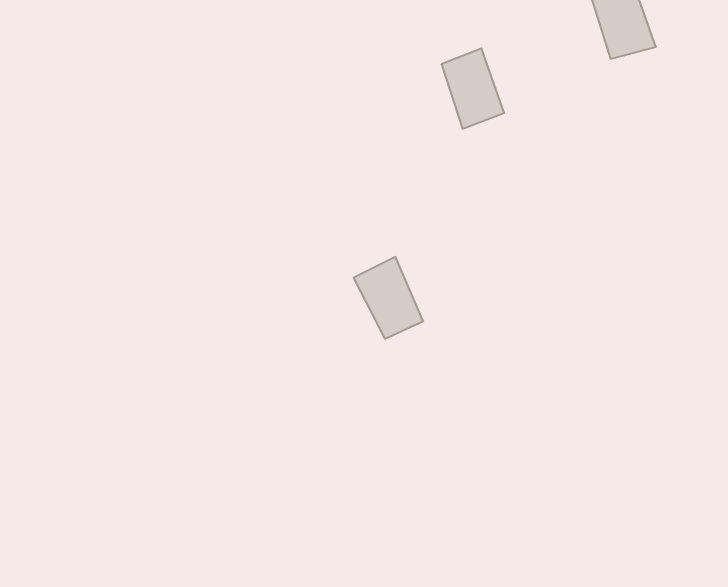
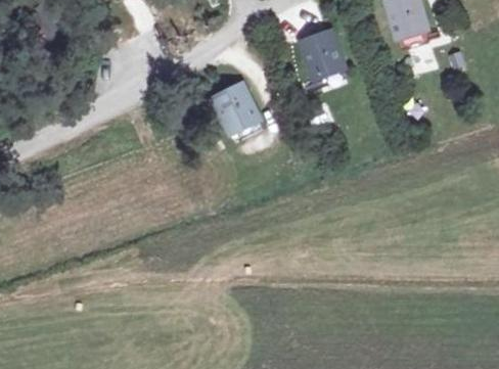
building: [354,257,423,339] -> [215,86,256,134]

